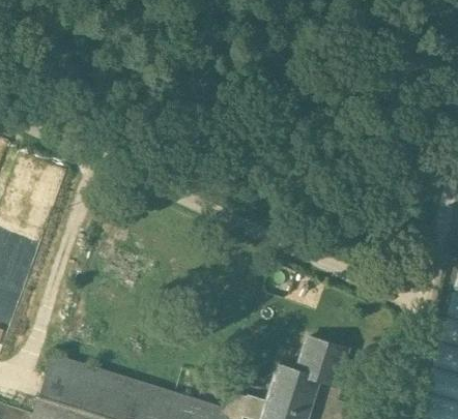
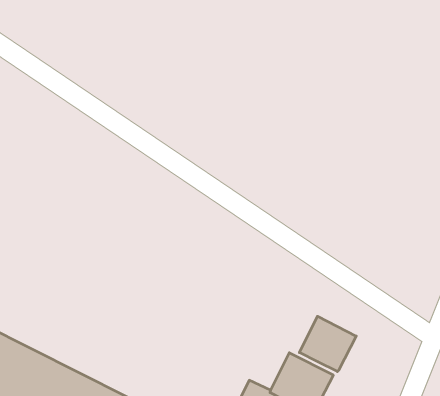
building: none -> [299,316,356,372]

